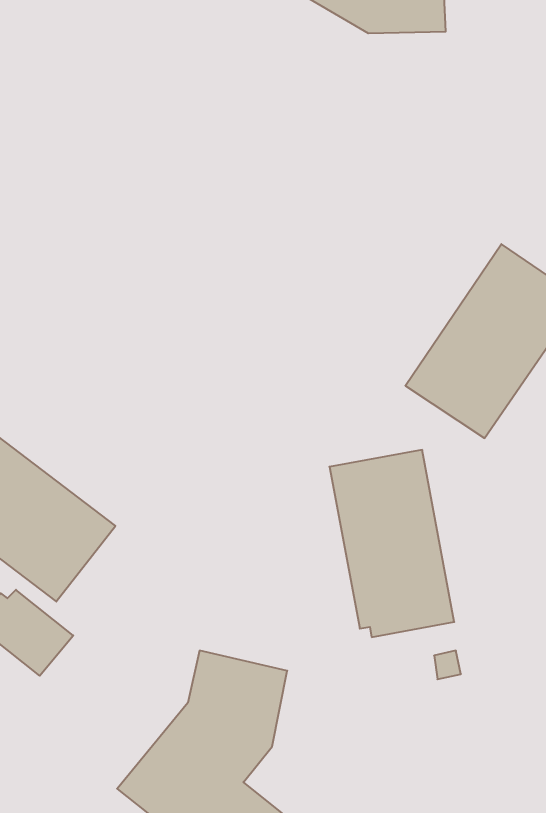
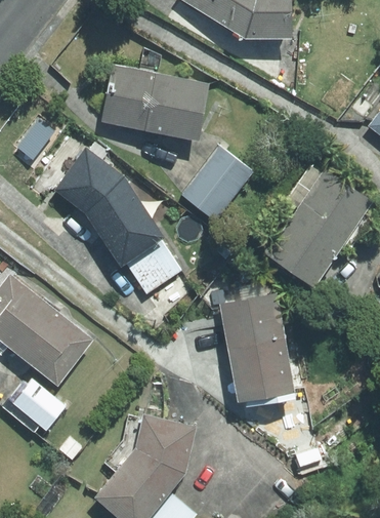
building: none -> [101,64,212,140]
building: none -> [52,147,178,292]
building: none -> [180,147,252,222]

